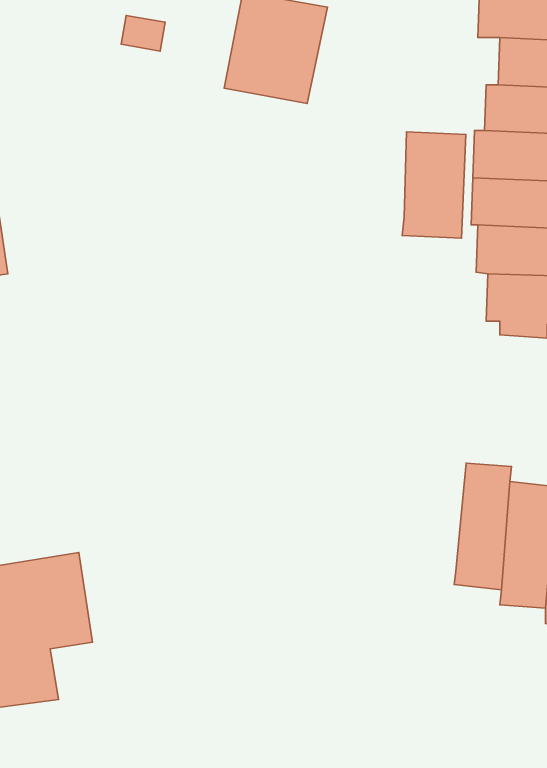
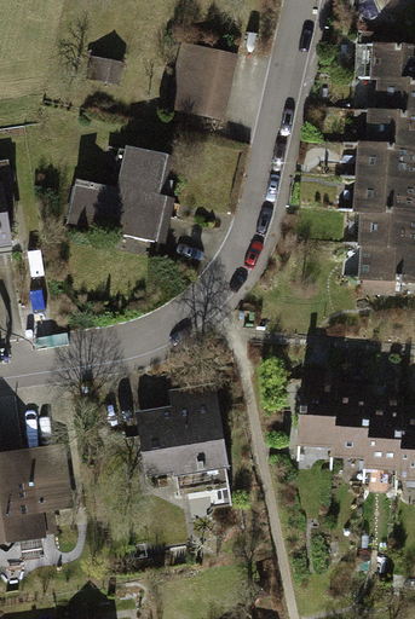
building: none -> [64,138,177,245]
building: [402,132,466,238] -> none
building: none -> [305,365,345,456]
building: none -> [137,380,240,476]

